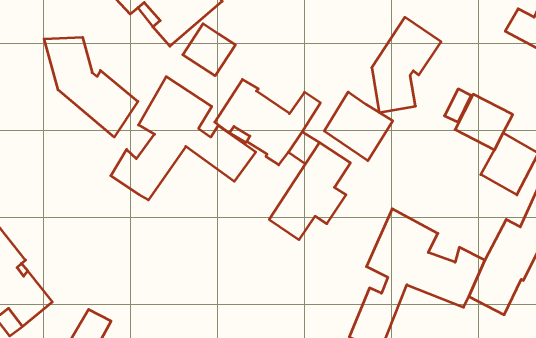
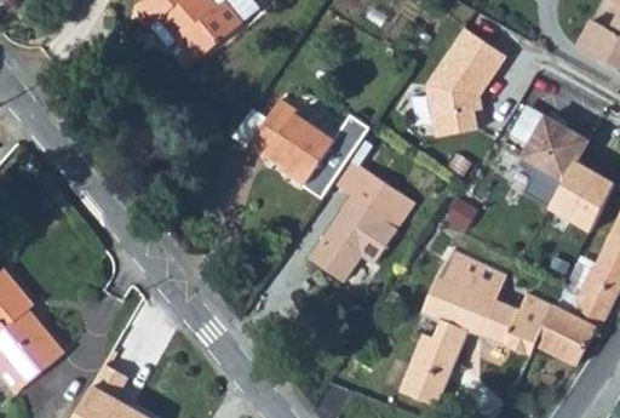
building: [183,24,235,76] -> none
building: [44,37,138,137] -> none
building: [111,77,256,200] -> none
building: [324,92,393,161] -> none

